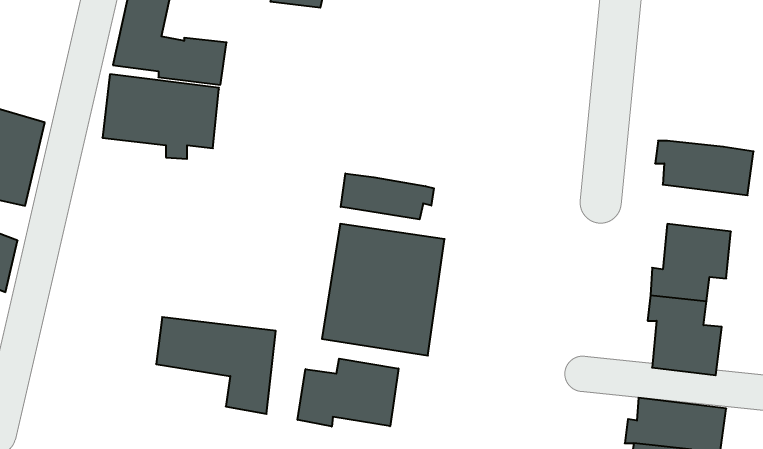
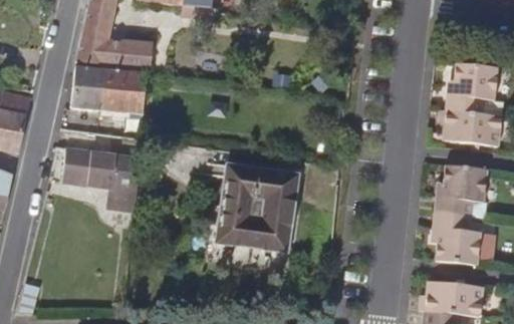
building: none -> [445,63,498,113]
building: [341,173,434,219] -> none
building: [156,317,276,414] -> [62,148,142,213]
building: [298,359,398,427] -> none

